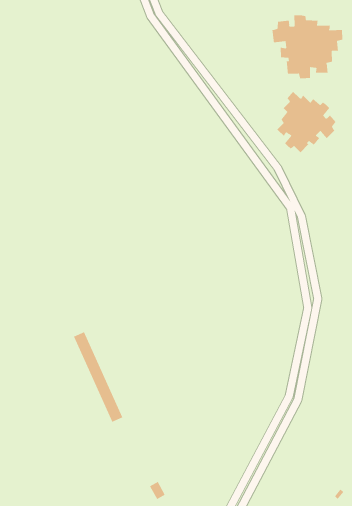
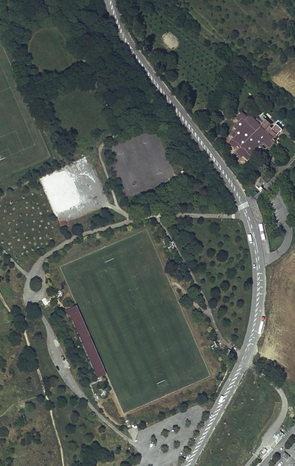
building: [272,15,343,79] -> none

